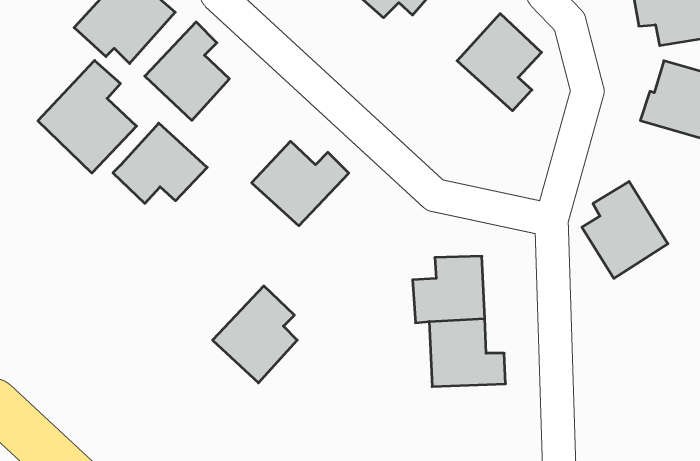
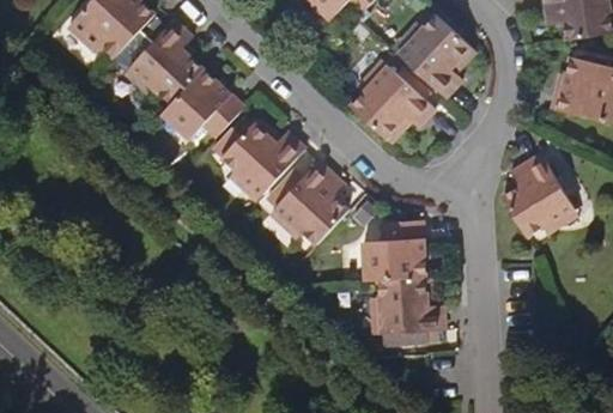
building: [38,60,137,173] -> none
building: none -> [350,66,433,139]
building: [113,123,207,203] -> [160,69,242,139]
building: [213,286,297,383] -> [272,163,345,247]

